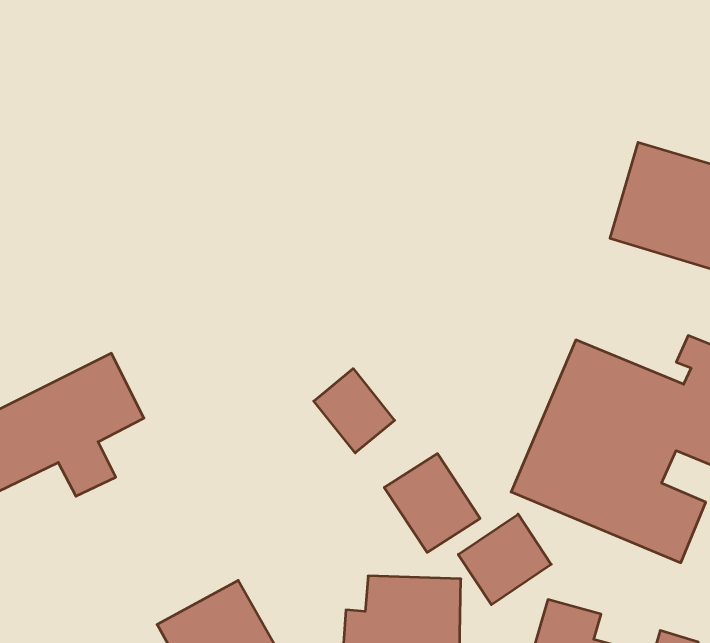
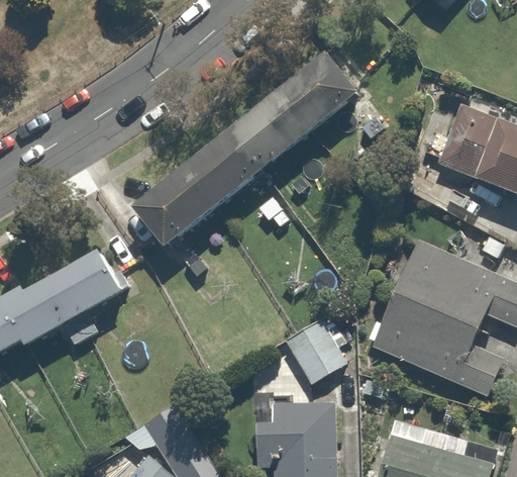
building: none -> [128,51,357,251]
building: [314,369,395,453] -> none
building: [458,514,551,605] -> none

